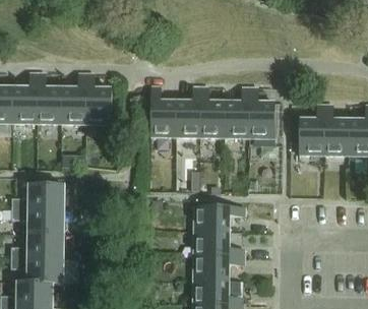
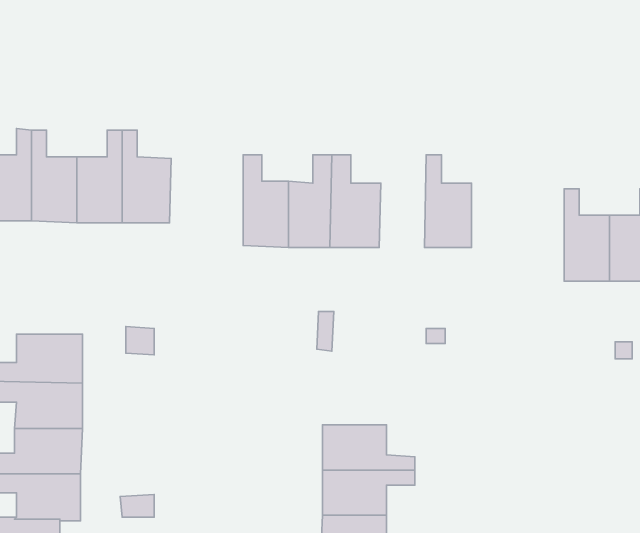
building: [224,87,249,137] -> none
building: [297,106,323,156] -> none
building: [193,207,243,233] -> none

